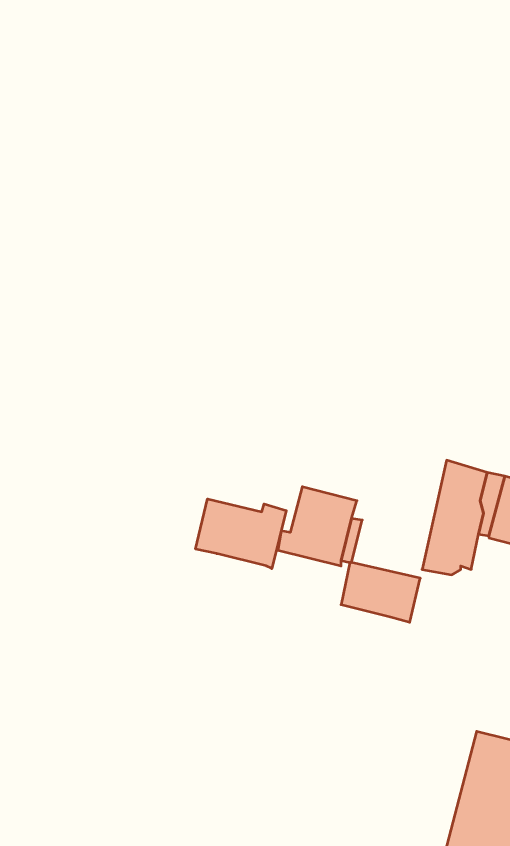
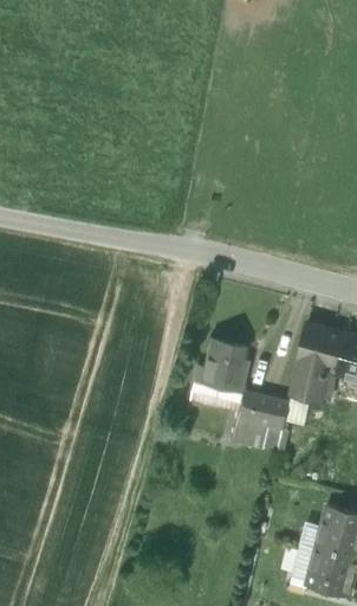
building: [196,499,286,569] -> none
building: none -> [231,419,270,449]

